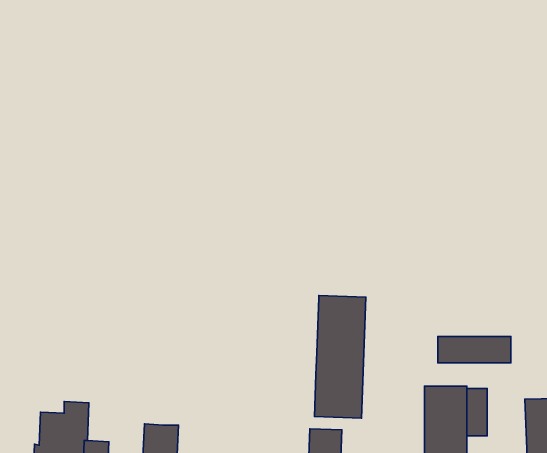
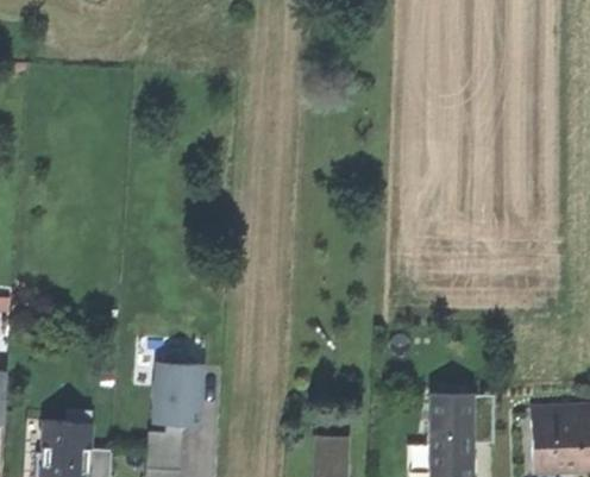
building: [314,296,366,418] -> none
building: [438,337,511,363] -> none
building: none -> [150,364,202,427]

